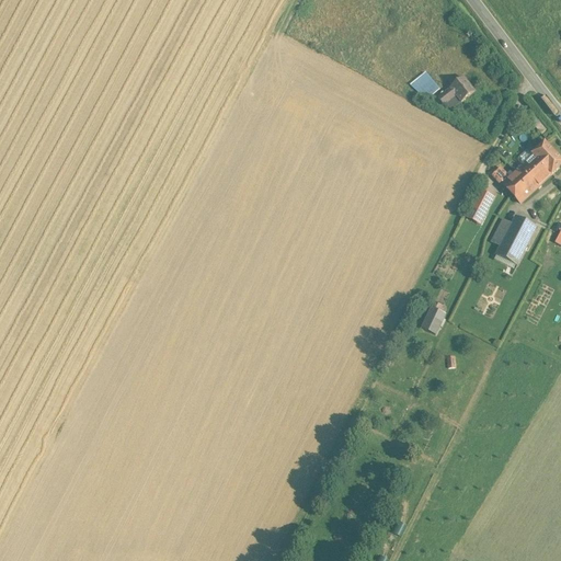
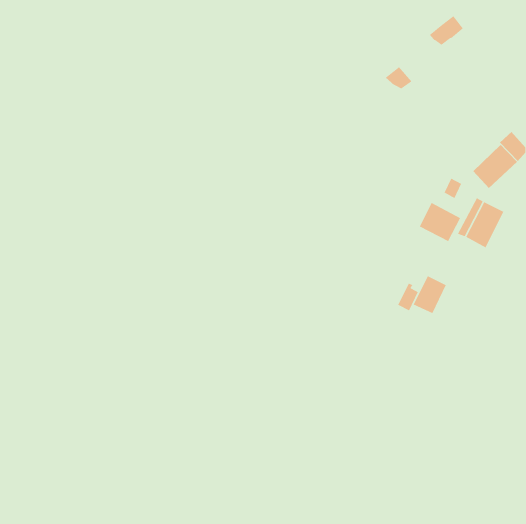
building: [436,75,473,107] -> [429,15,464,46]
building: none -> [419,202,461,242]
building: none -> [413,275,447,314]

